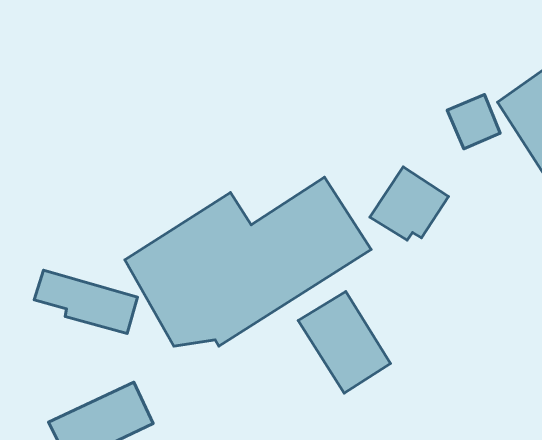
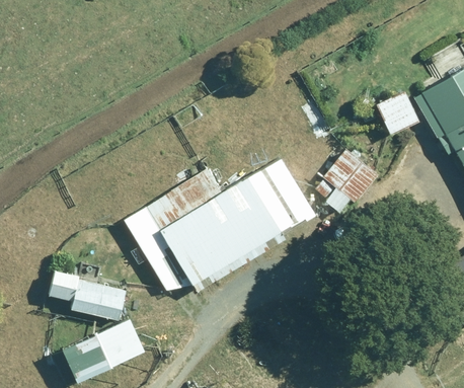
building: [34,270,138,333] -> [46,270,127,320]
building: [298,292,391,393] -> none

